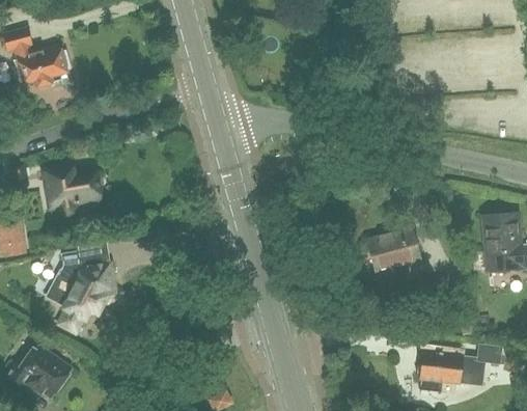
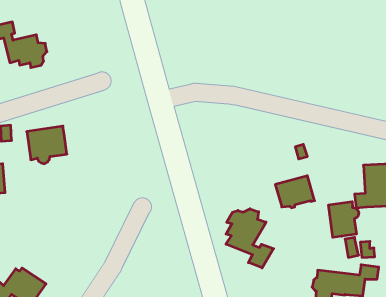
building: [46,238,115,332] -> none
building: none -> [329,202,359,237]
building: none -> [226,209,274,268]

